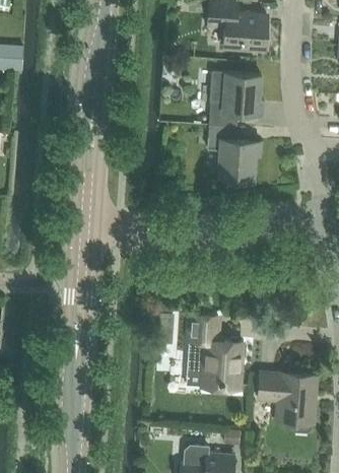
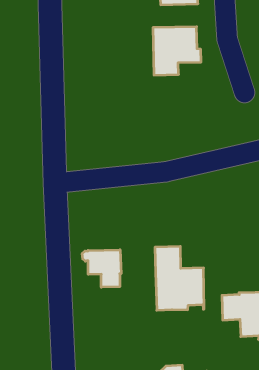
building: [208,124,261,180] -> none
building: none -> [82,250,121,287]

